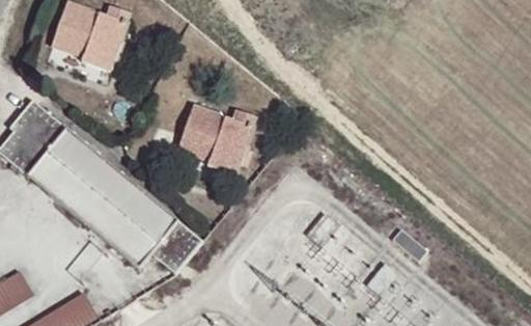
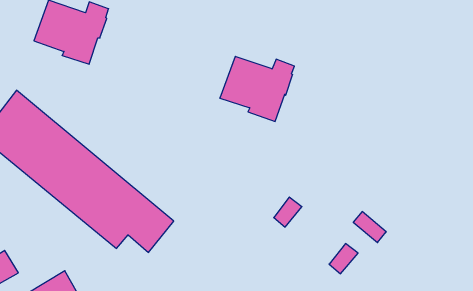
building: [176,107,256,176] -> [220,56,294,121]

